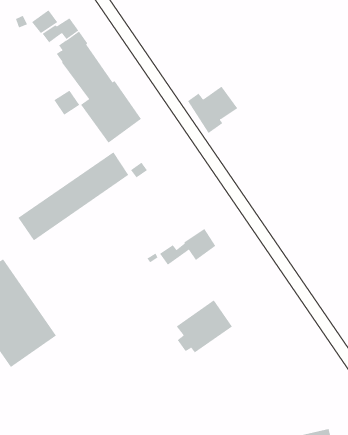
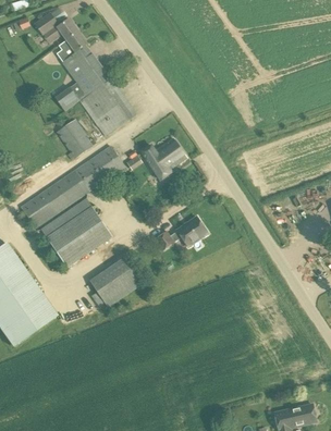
building: [187,86,238,134] -> [139,136,187,181]
building: none -> [52,118,96,159]
building: none -> [40,197,112,267]
building: [176,300,233,353] -> [89,257,143,307]

